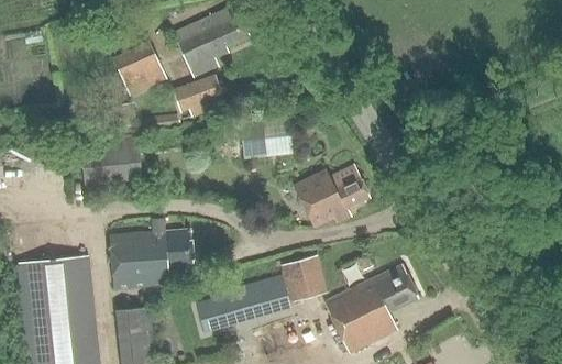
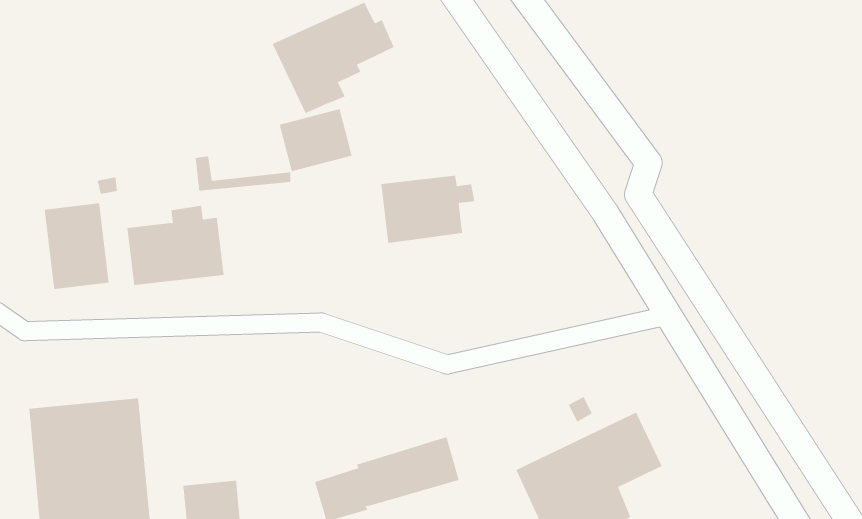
building: [111,40,165,95] -> none
building: none -> [44,202,109,290]
building: [293,165,368,228] -> none
building: [109,219,194,288] -> none
building: [280,255,327,302] -> none

